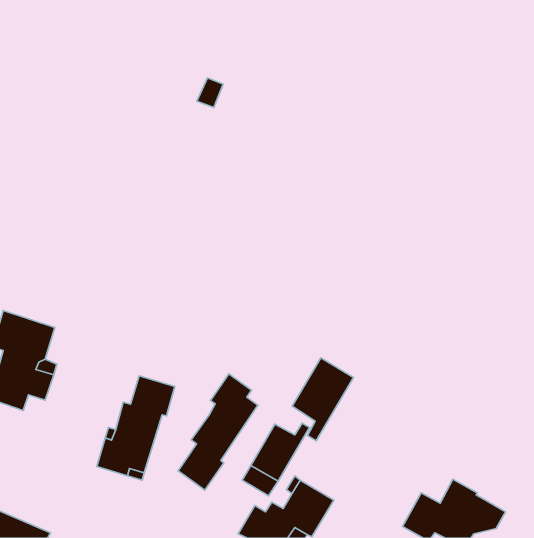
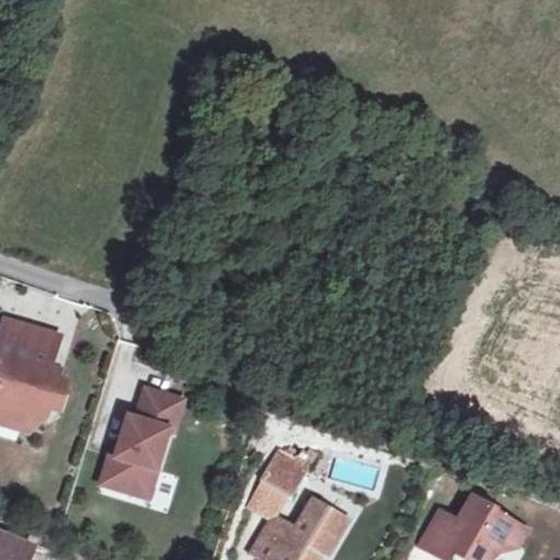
building: [292,358,354,441] -> none
building: [178,374,258,490] -> none

